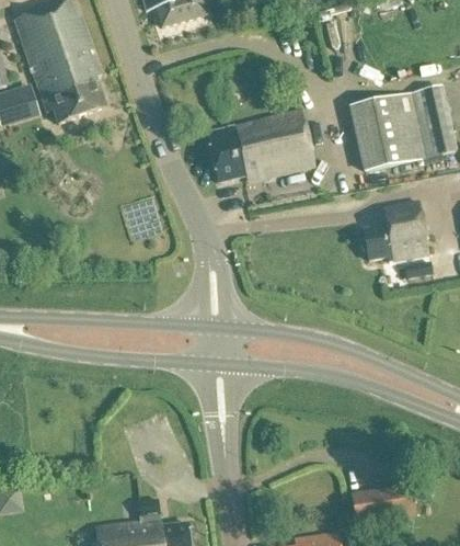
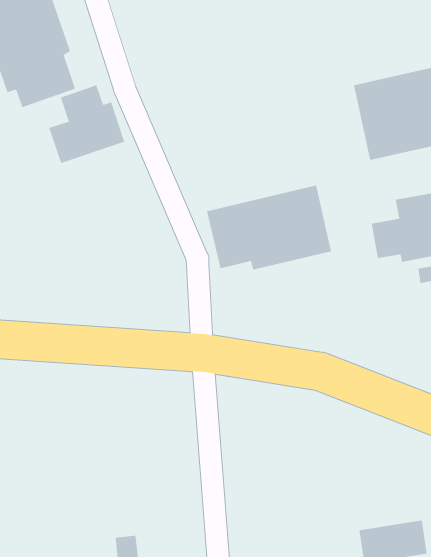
building: none -> [49,85,125,164]
building: [206,110,315,184] -> [206,185,332,270]

